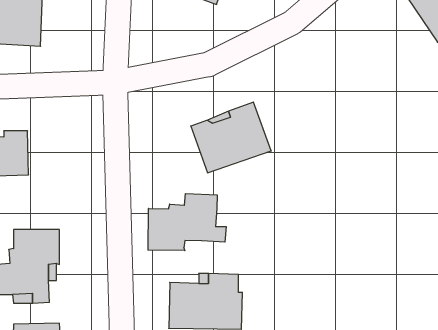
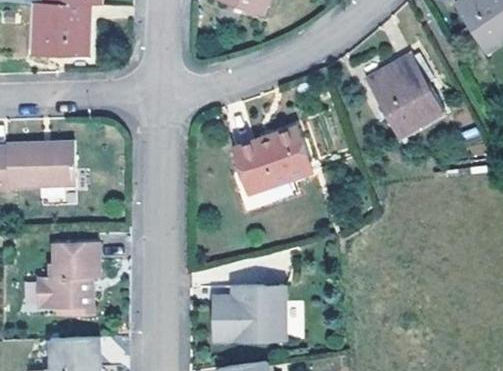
building: none -> [363,56,440,138]
building: [148,194,226,251] -> none

